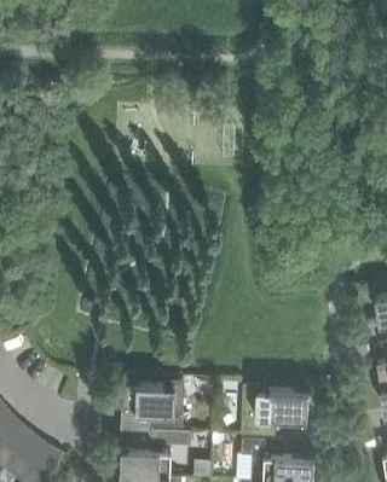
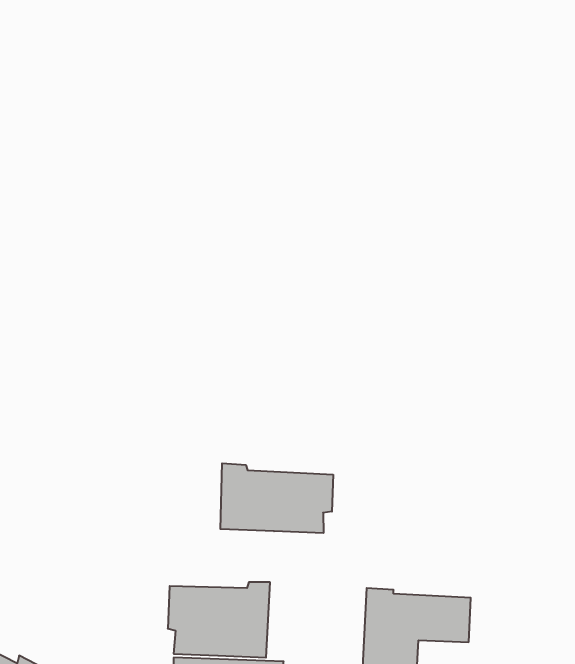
building: none -> [220,463,333,533]

